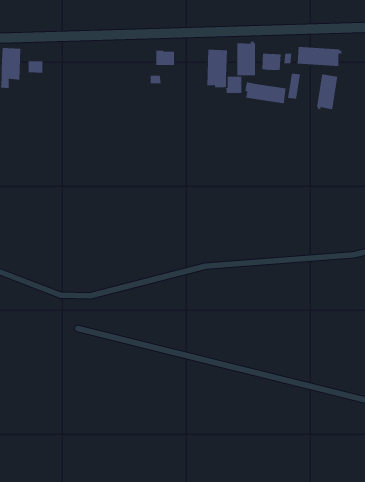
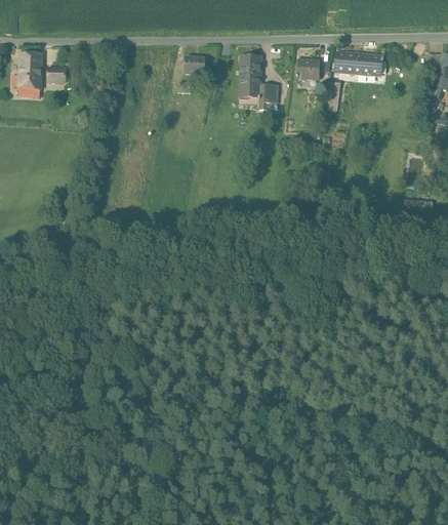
building: [237,41,255,76] -> none
building: [317,73,338,110] -> none
building: [245,82,286,104] -> none

